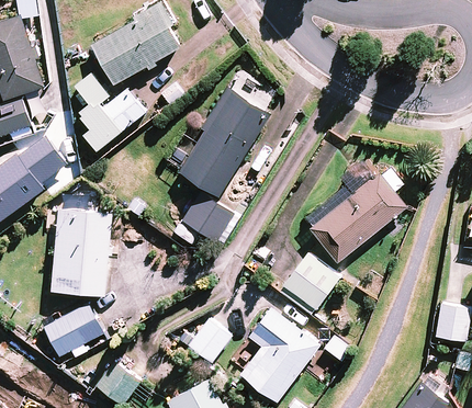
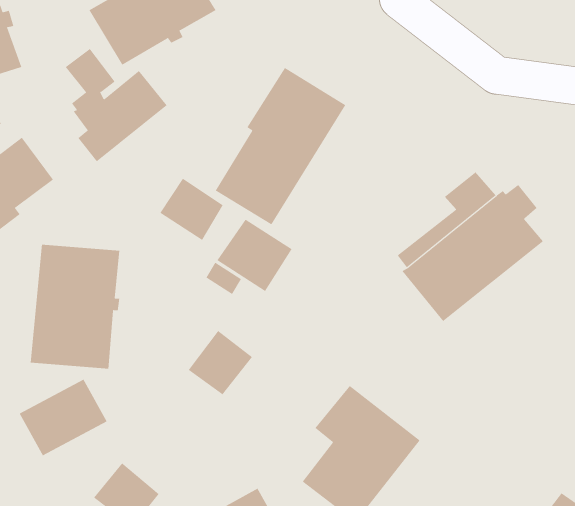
building: none -> [160,178,224,241]
building: [279,254,338,315] -> none
building: [188,318,233,363] -> [188,330,253,395]

